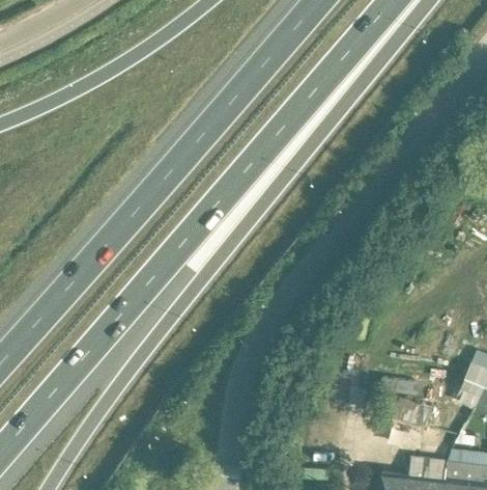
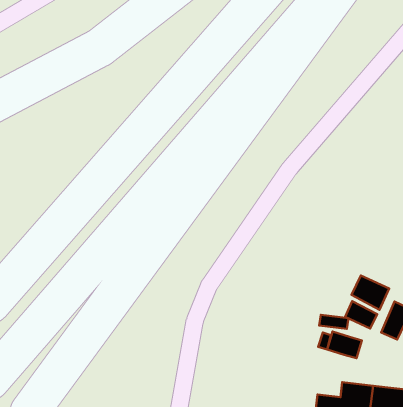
building: none -> [351,275,389,310]
building: none -> [345,301,377,328]

